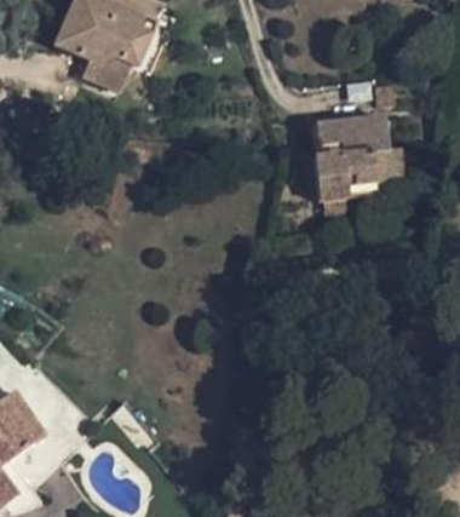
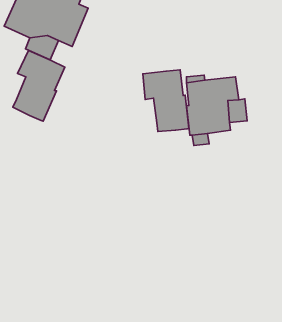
building: none -> [13,50,65,121]
building: none -> [143,70,189,131]

